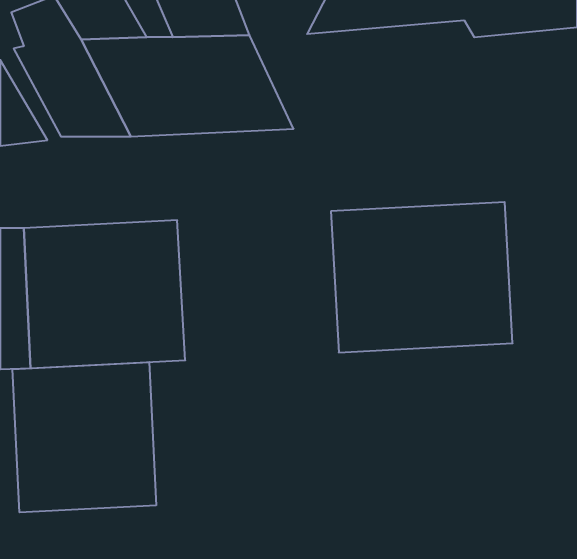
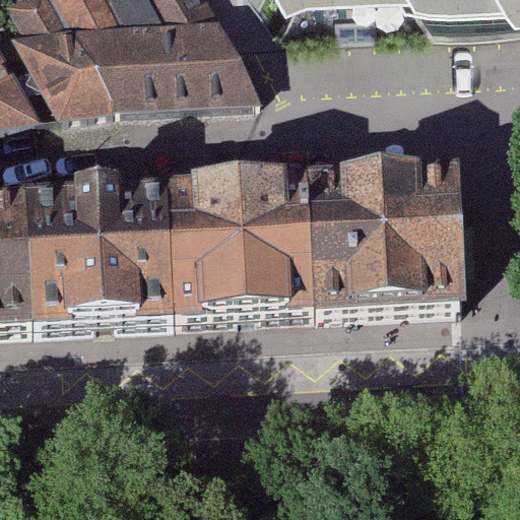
building: none -> [159,190,305,324]
building: [13,362,156,512] -> none

